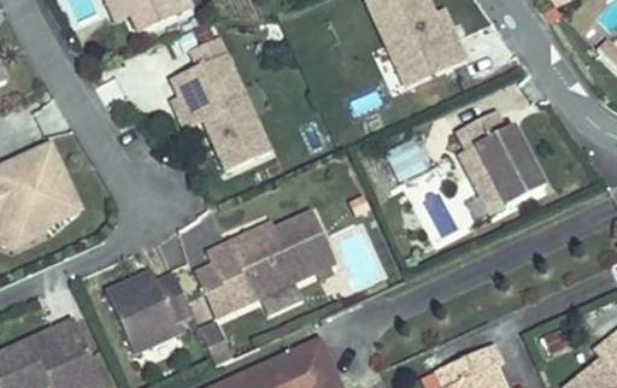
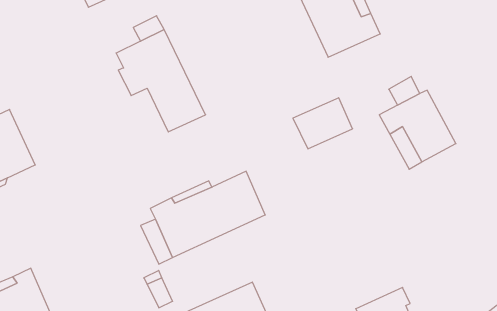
building: [105,276,189,353] -> none

